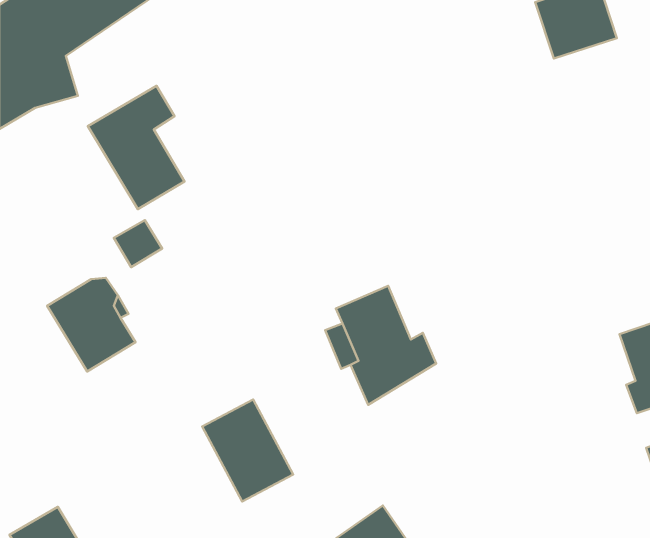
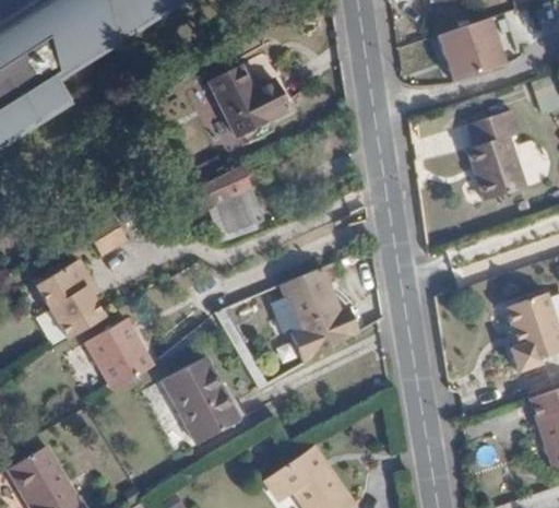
building: none -> [207,64,286,139]
building: [88,86,184,209] -> none
building: none -> [466,111,519,202]
building: none -> [190,166,259,234]
building: none -> [86,321,157,393]

